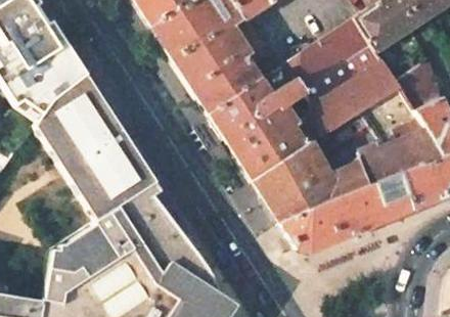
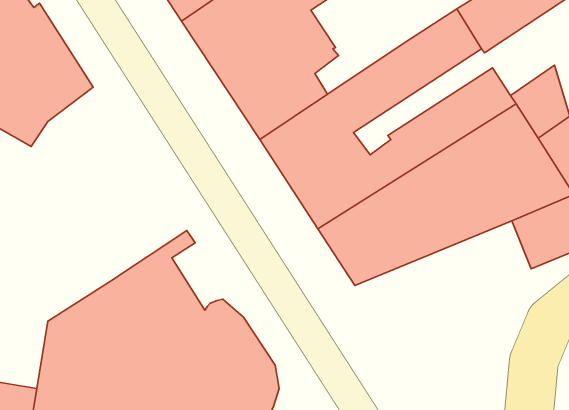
building: [36,76,155,221] -> none
building: [280,175,411,254] -> none

